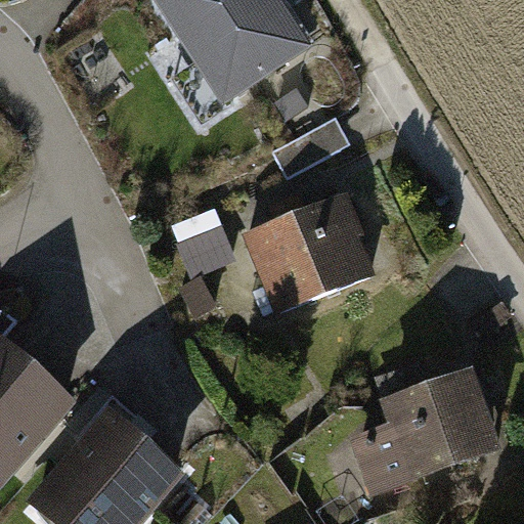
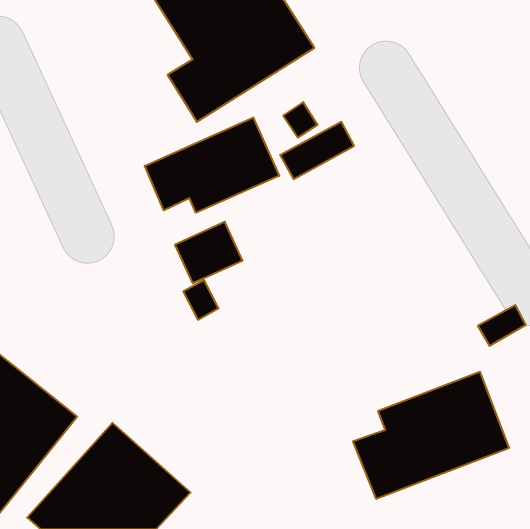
building: none -> [145,117,279,213]
building: [237,184,379,313] -> none

